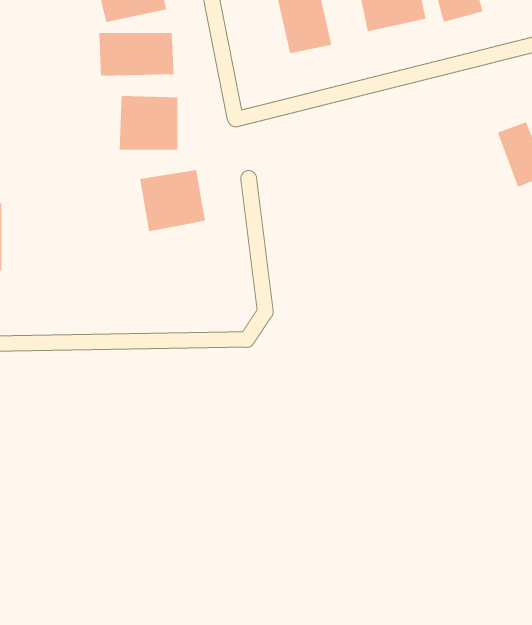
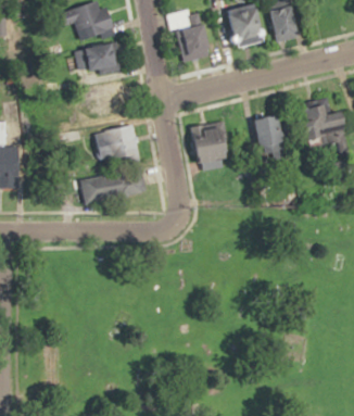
building: none -> [254,117,287,150]
building: none -> [195,122,232,166]
building: none -> [78,168,144,204]

